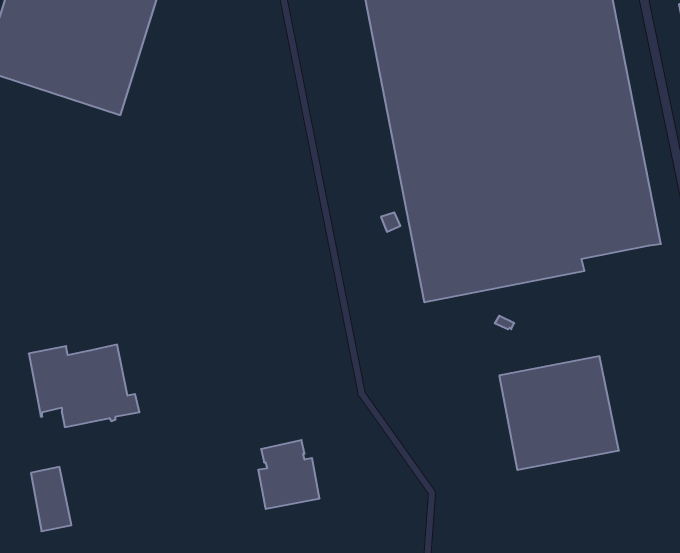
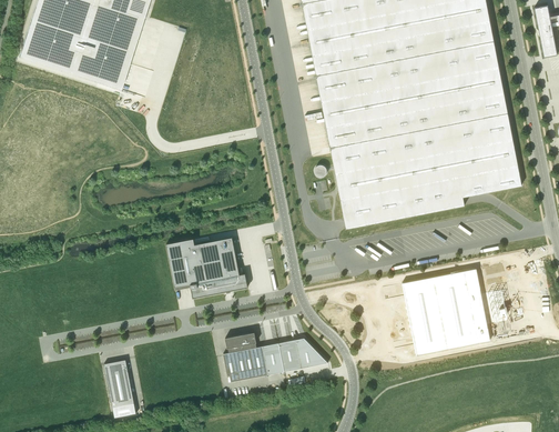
building: [29,345,140,427] -> [166,237,248,298]
building: none -> [263,336,328,374]
building: [31,467,71,531] -> [104,359,134,406]

